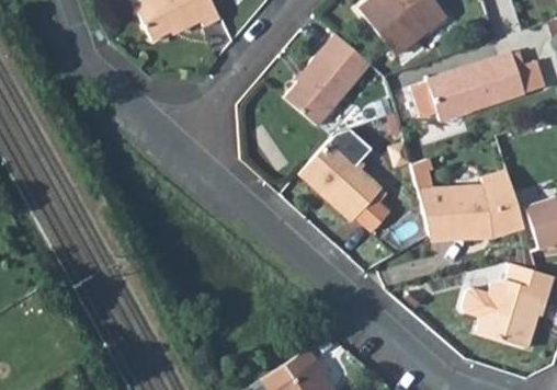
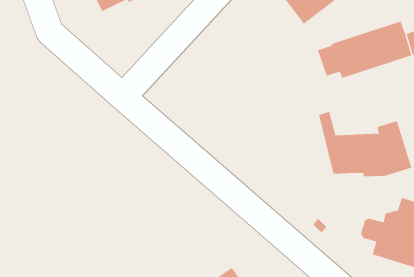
building: [285,34,371,127] -> none
building: [299,136,391,231] -> none

